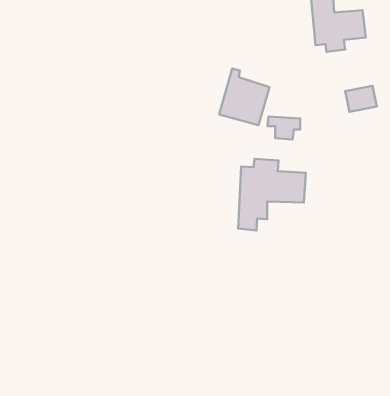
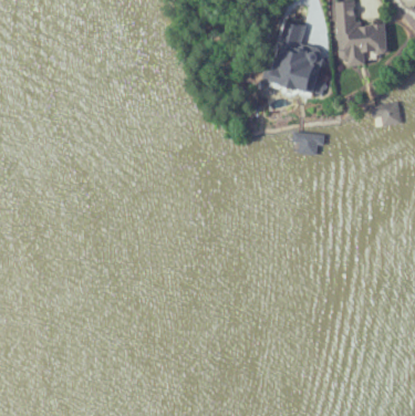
building: [219,68,269,125] -> [274,34,325,92]
building: [238,159,306,230] -> none

